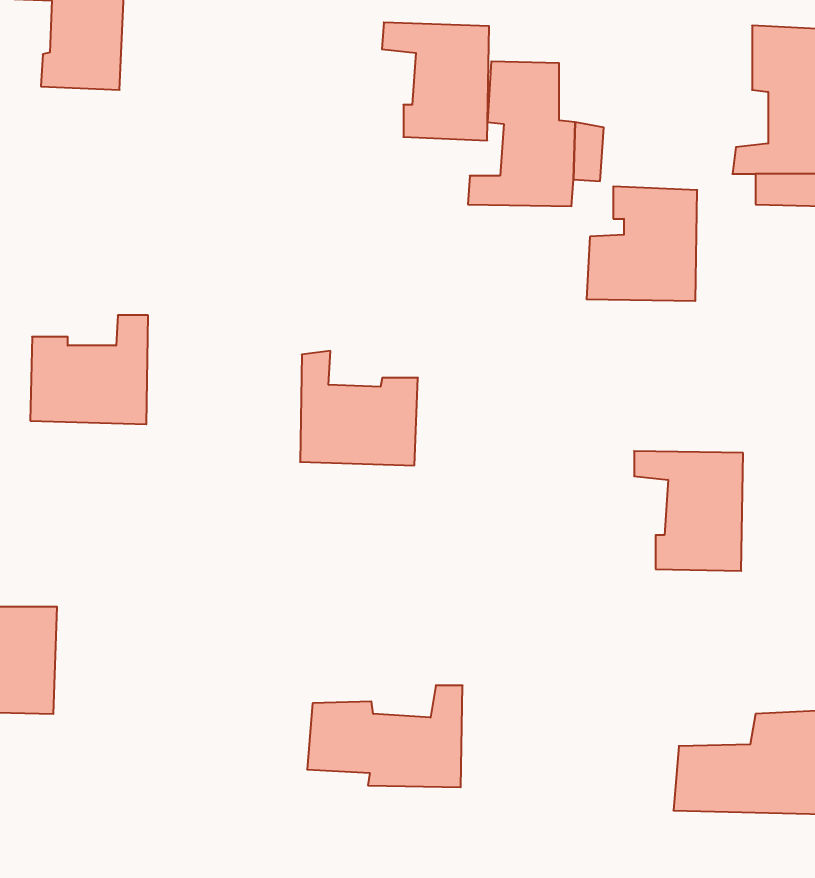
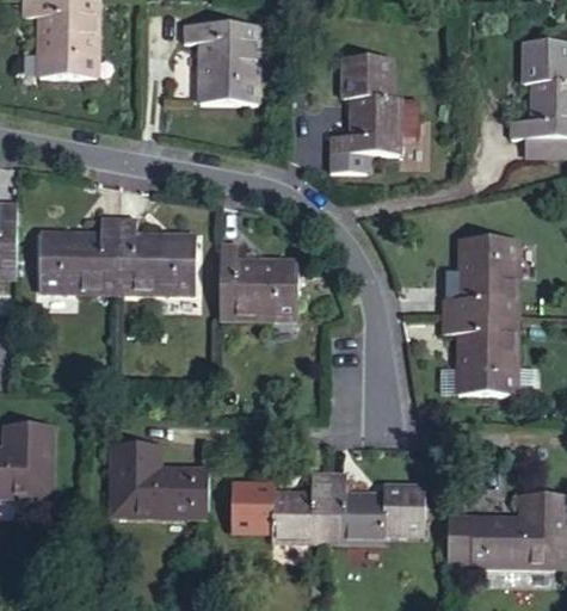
building: [382,22,489,140] -> [181,21,253,100]
building: [586,186,697,301] -> [440,241,514,317]
building: none -> [115,226,192,300]
building: none -> [110,445,210,520]
building: none -> [325,471,425,542]

